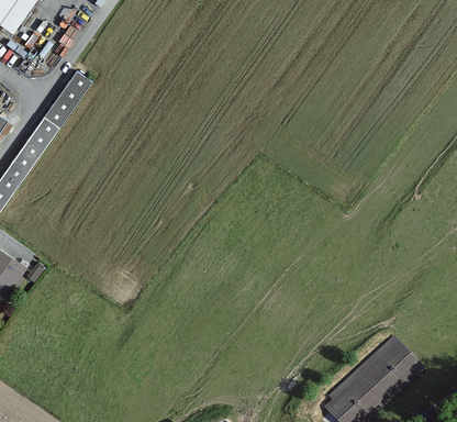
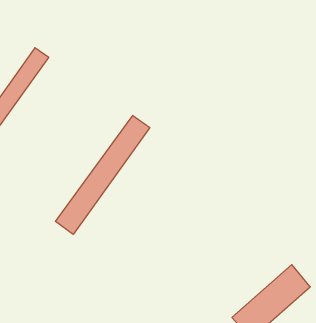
building: none -> [55,115,150,234]

